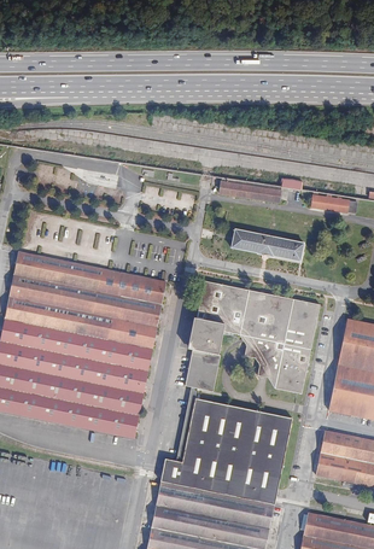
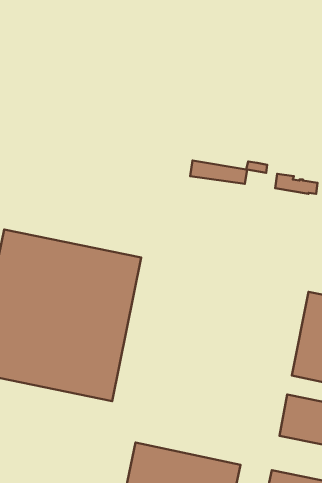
building: [232,229,304,262] -> none
building: [185,281,320,395] -> none
building: [160,398,292,504] -> none

